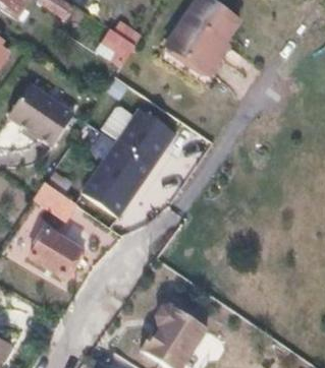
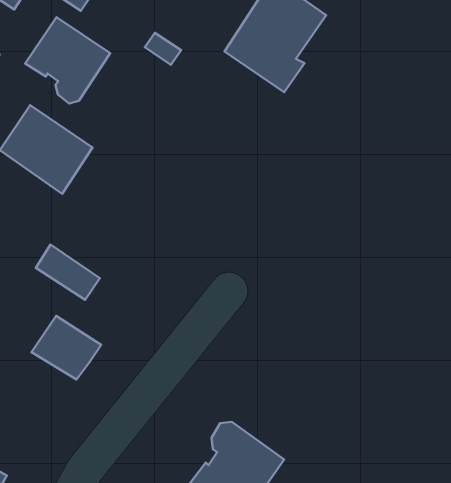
building: none -> [25,17,110,104]
building: [80,108,172,214] -> none

